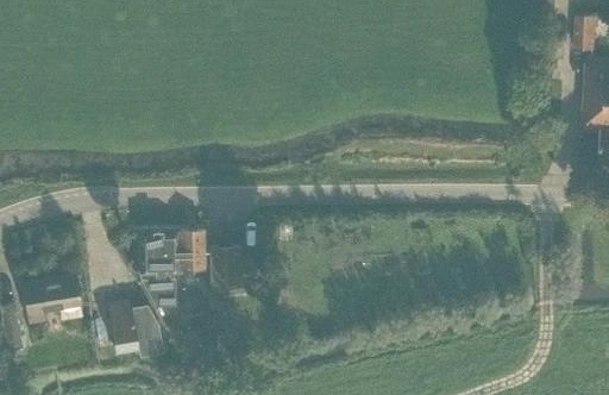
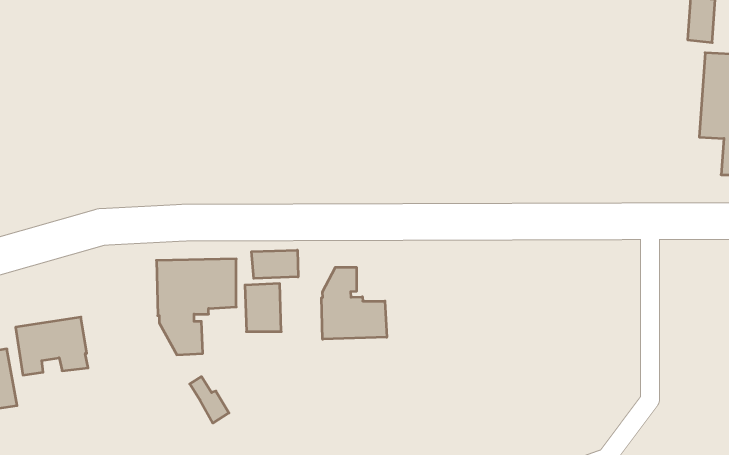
building: none -> [252,250,298,278]
building: none -> [322,267,387,339]
building: [107,301,163,356] -> none

